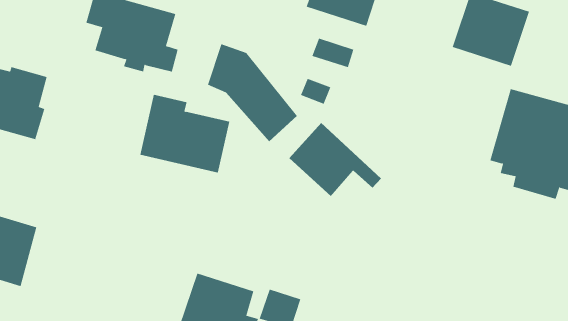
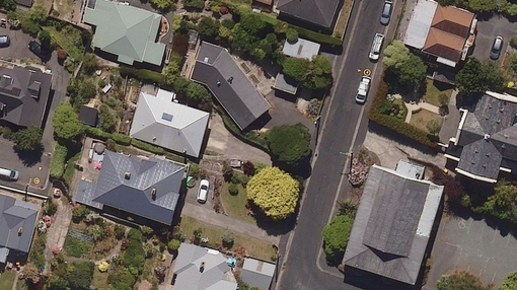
building: [289,122,382,197] -> none
building: none -> [72,146,189,224]
building: none -> [345,161,445,283]

